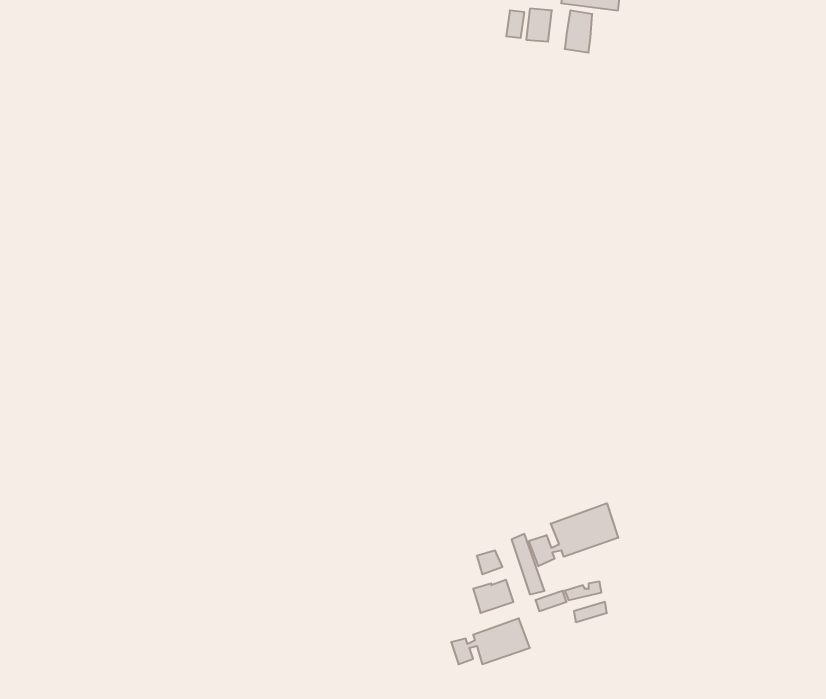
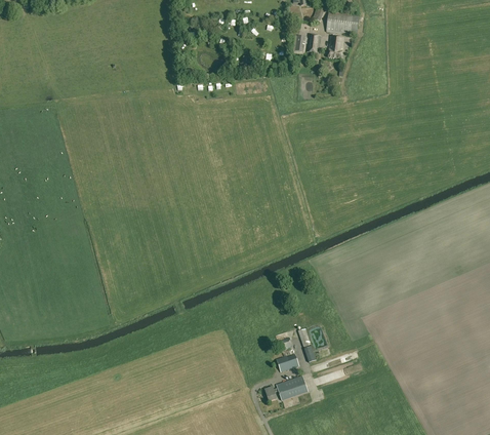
building: [529,503,618,566] -> none

